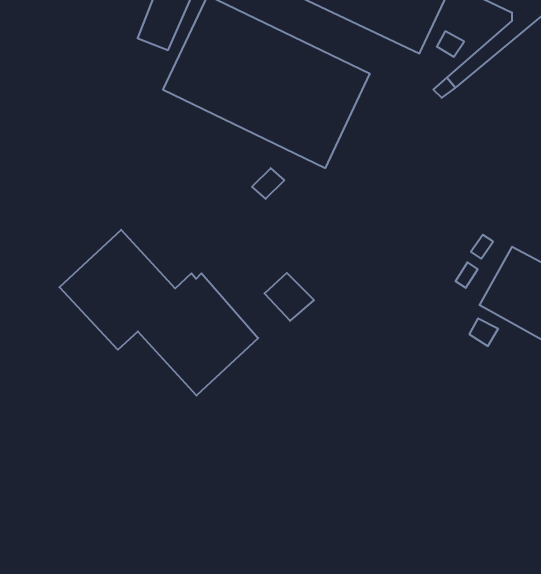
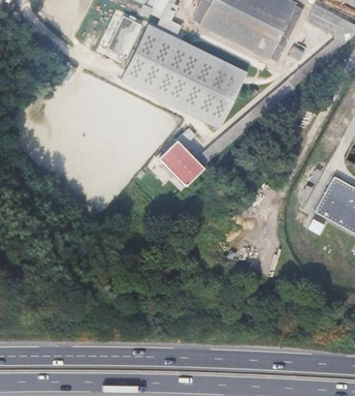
building: [59,230,258,396] -> none
building: [264,273,314,321] -> [166,146,196,175]

